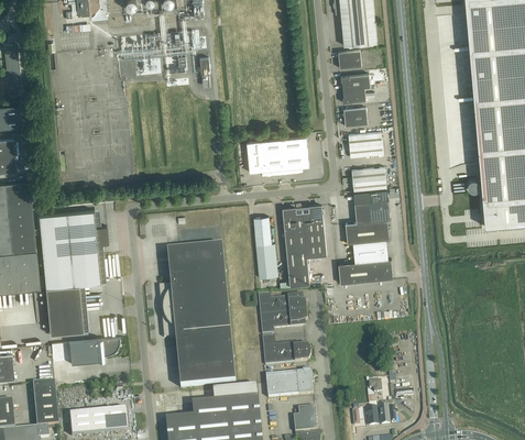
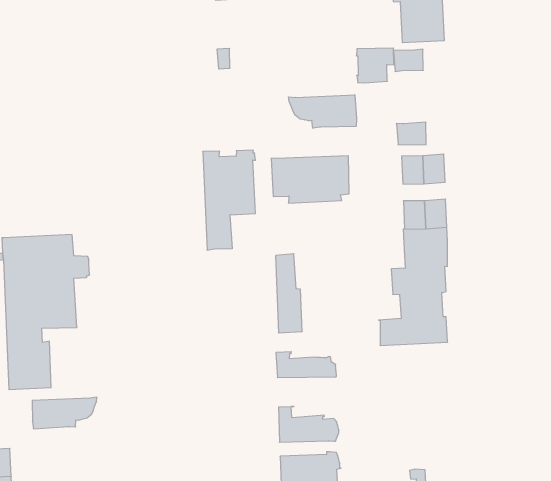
building: [340,73,370,101] -> [356,48,394,83]
building: none -> [288,95,356,128]
building: [282,205,326,285] -> [203,150,256,250]
building: [158,244,238,386] -> none
building: [260,309,307,333] -> none

